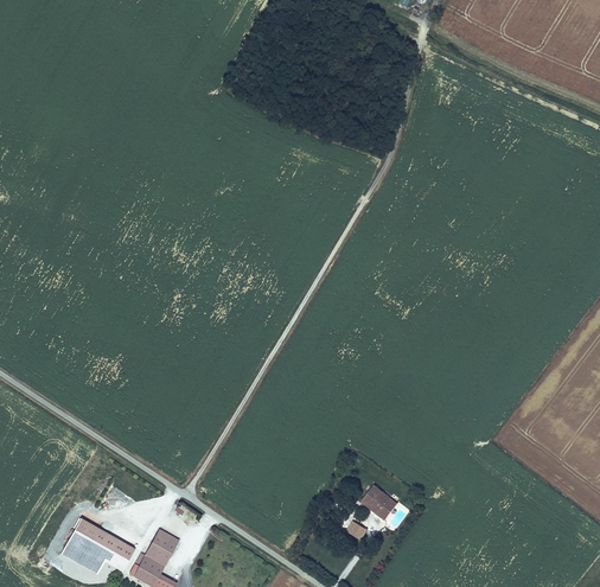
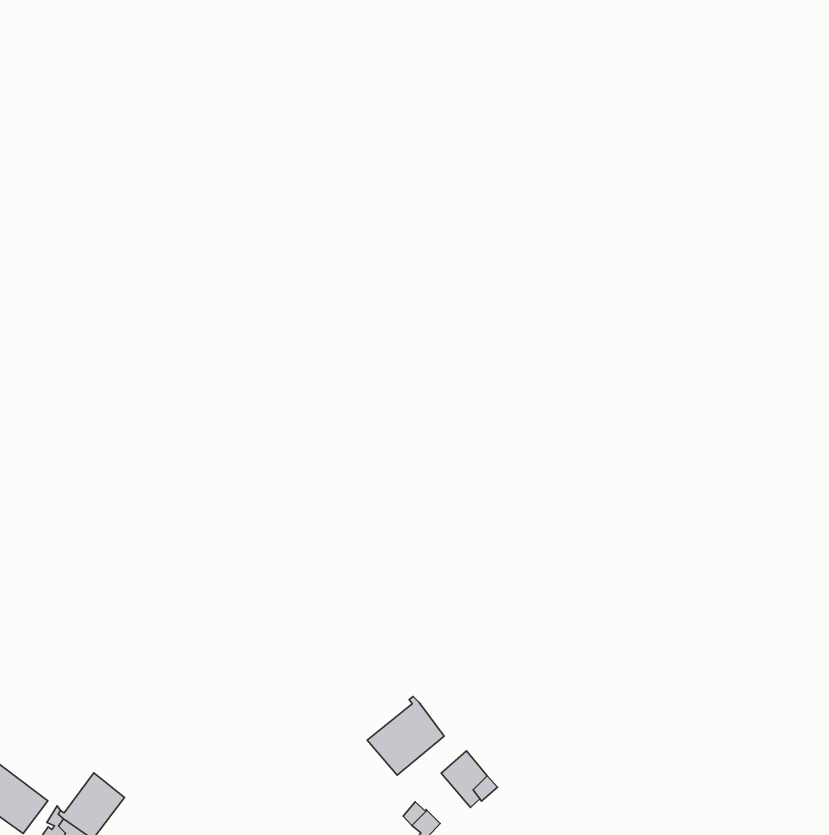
building: none -> [367,696,444,775]

